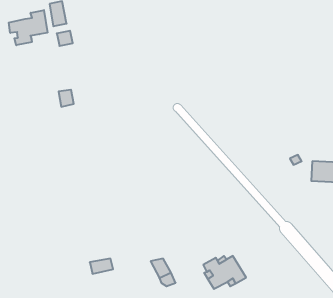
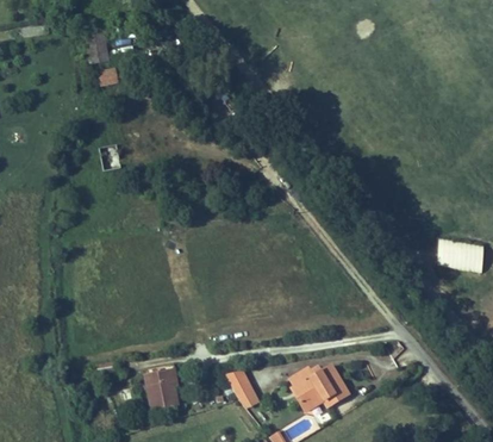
building: [9,10,47,45] -> none
building: none -> [144,384,176,412]

